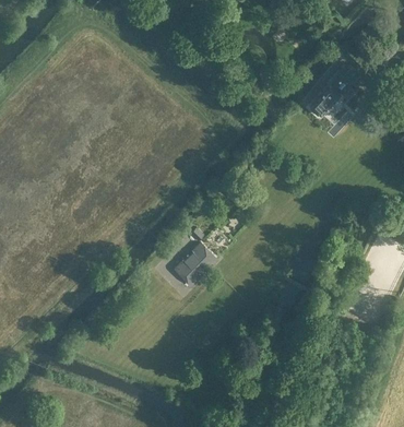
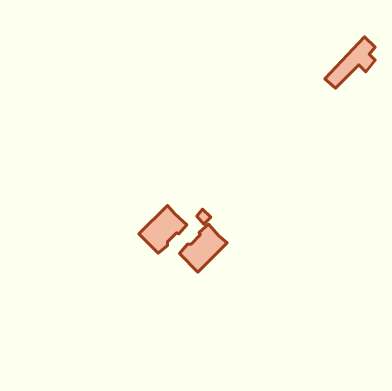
building: none -> [139,205,187,253]

